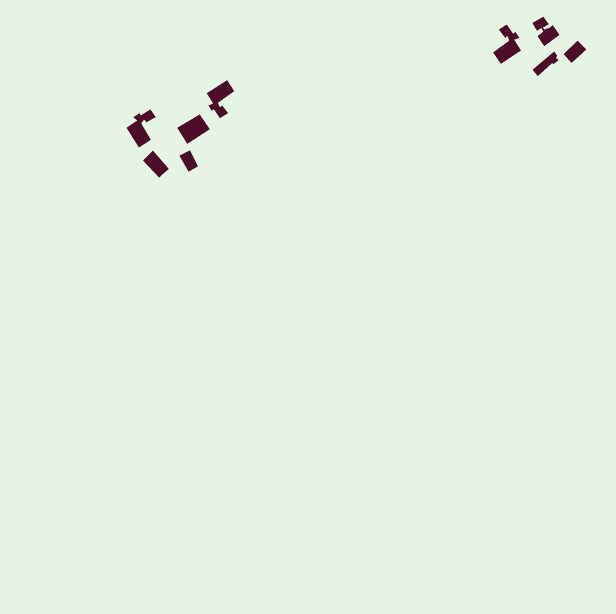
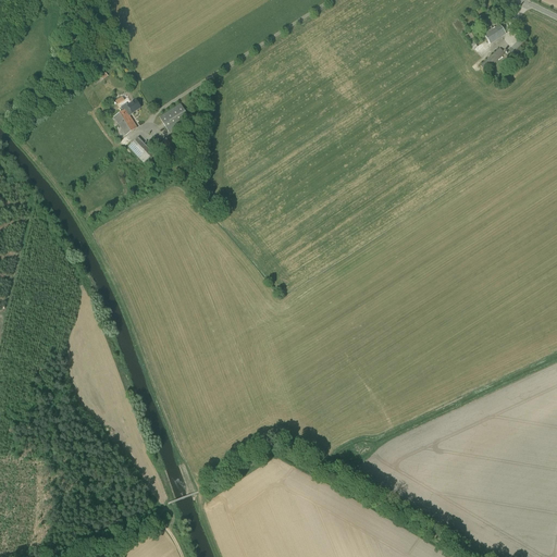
building: [492,24,522,65] -> none
building: [206,79,235,119] -> none

